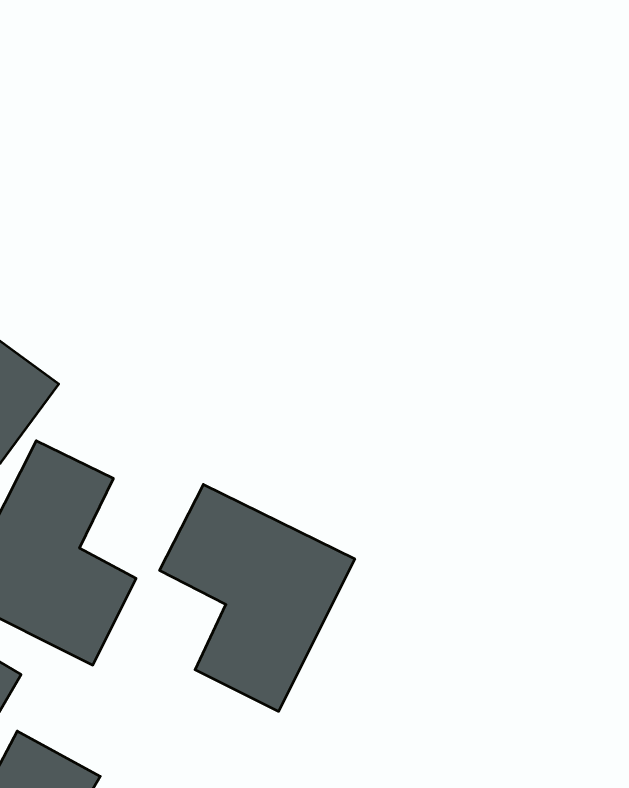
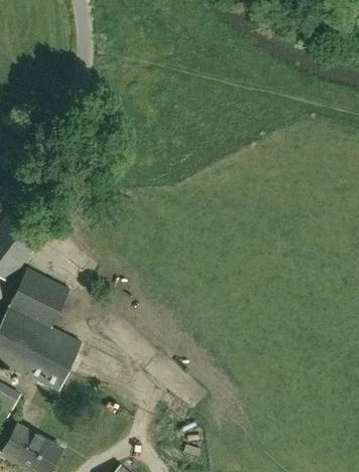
building: [160,484,355,711] -> none

